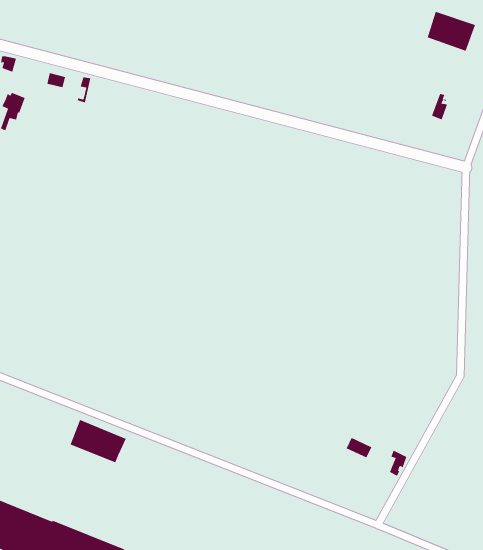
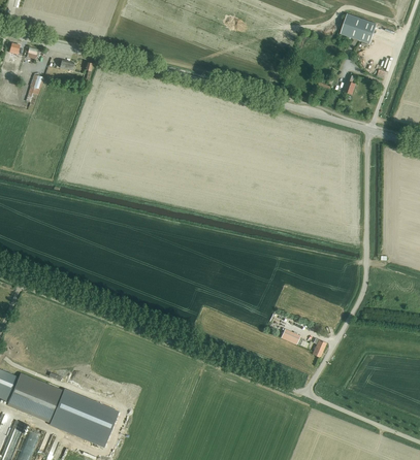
building: [70,419,126,463] -> none

